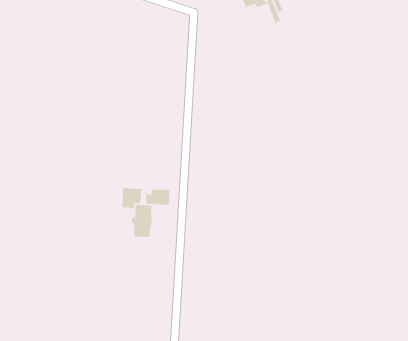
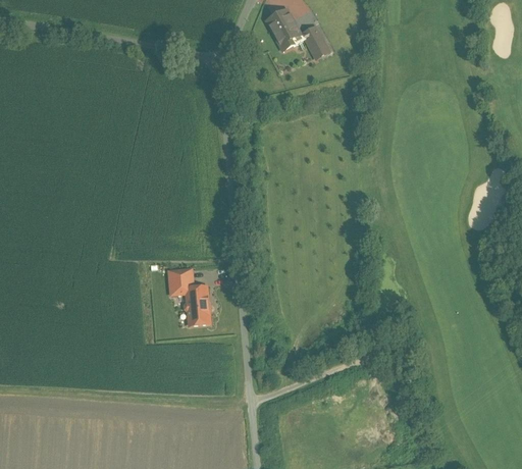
building: [145,189,170,205] -> none

